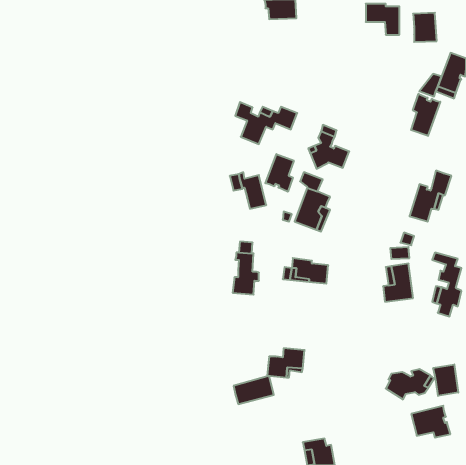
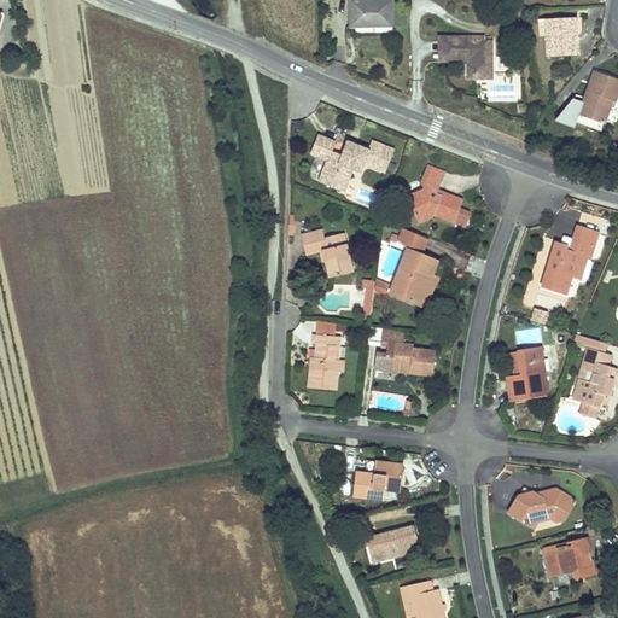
building: [366,4,399,35] -> [448,36,492,77]
building: [411,94,440,136] -> none
building: [265,154,294,192] -> none
building: [433,364,458,396] -> none
building: [234,376,274,404] -> [366,524,419,561]

